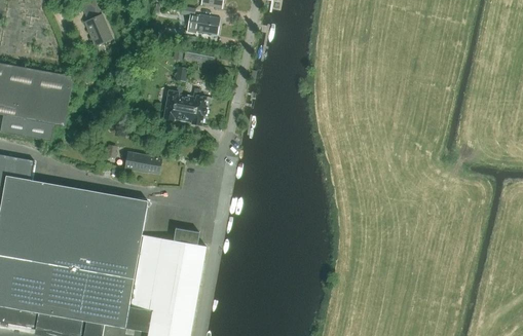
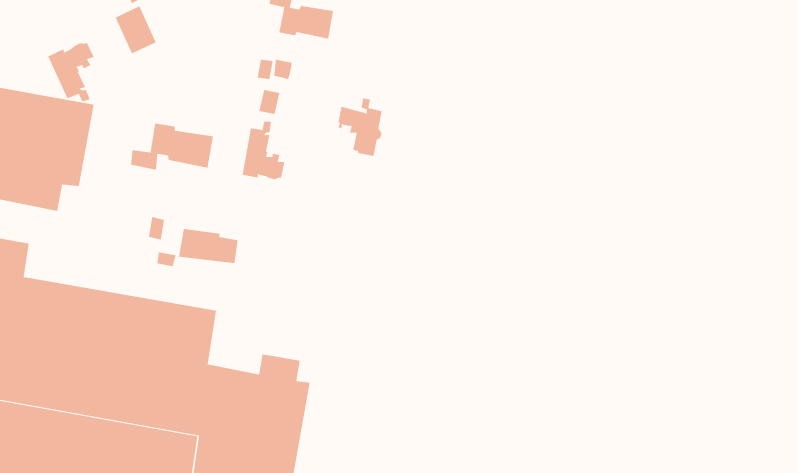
building: none -> [48,42,95,102]
building: none -> [130,123,214,170]
building: [179,88,207,124] -> [337,98,383,157]

